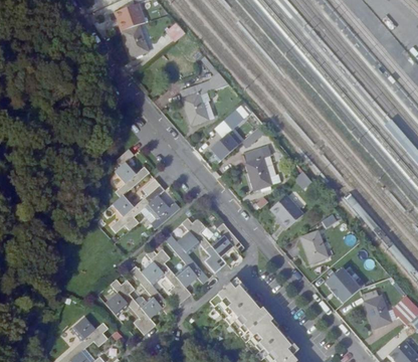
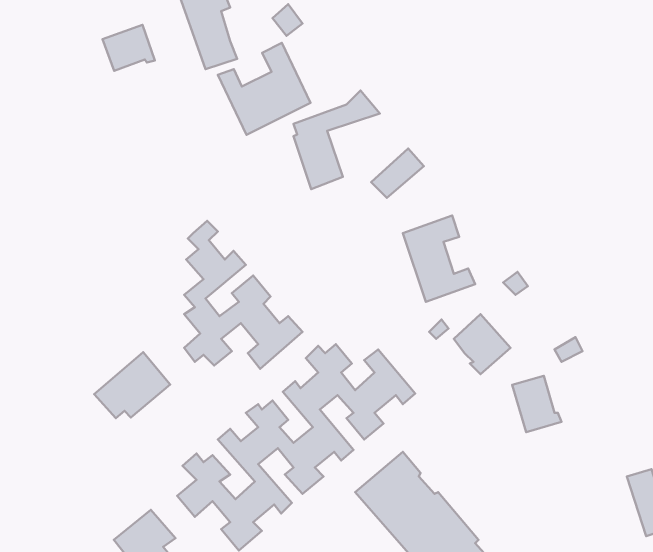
building: none -> [102,25,155,71]
building: none -> [218,43,311,135]
building: [208,135,238,164] -> none
building: none -> [94,352,170,418]
building: [330,270,365,306] -> none

